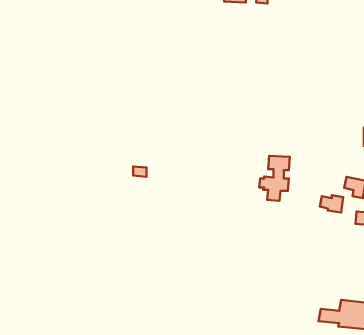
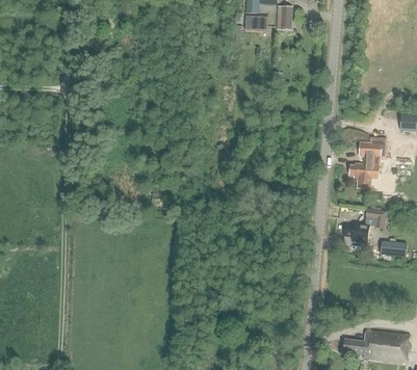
building: [259,156,290,201] -> [348,142,380,188]

